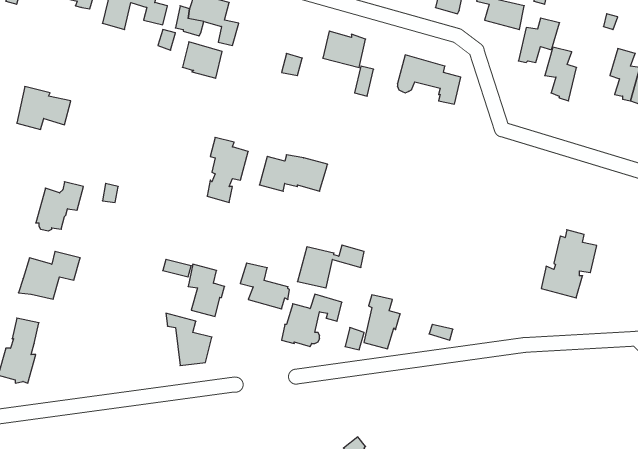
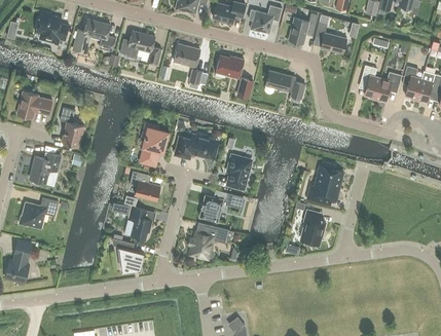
building: [518,18,560,62] -> [375,72,402,101]
building: [182,42,222,78] -> [175,43,200,67]
building: none -> [61,107,84,147]
building: none -> [227,155,252,189]
building: [541,230,597,298] -> [307,161,343,206]
building: [240,263,289,309] -> [130,171,161,200]
building: [364,295,400,349] -> [302,210,326,245]

